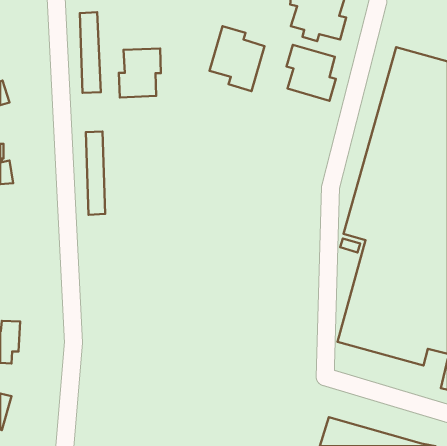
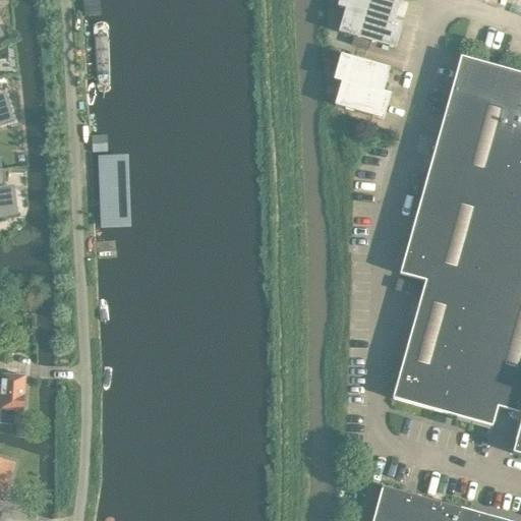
building: [210,26,264,91] -> none
building: [119,48,161,97] -> none

